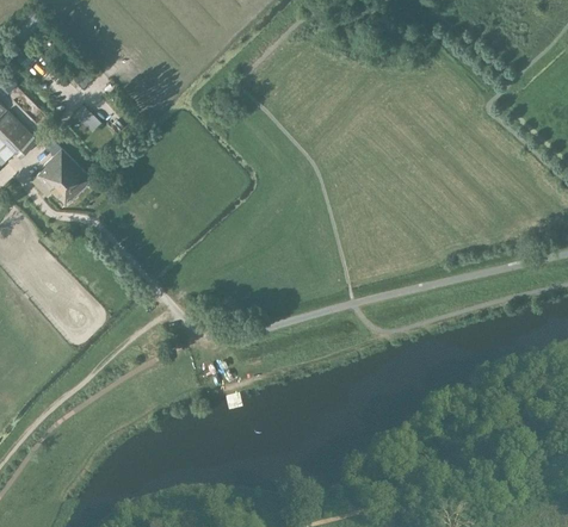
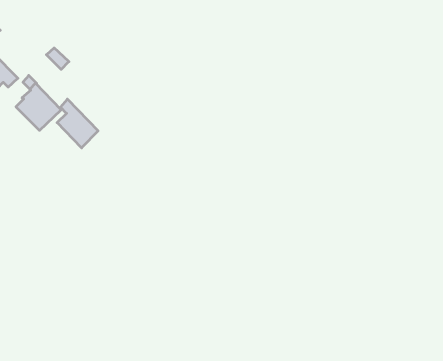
building: none -> [57,99,98,148]

